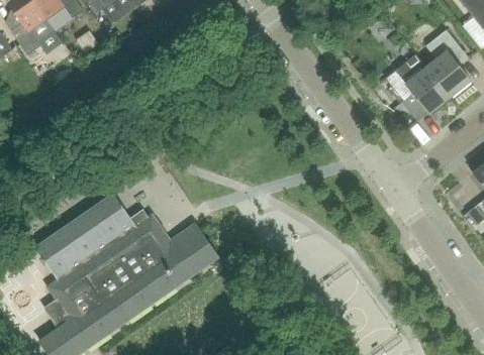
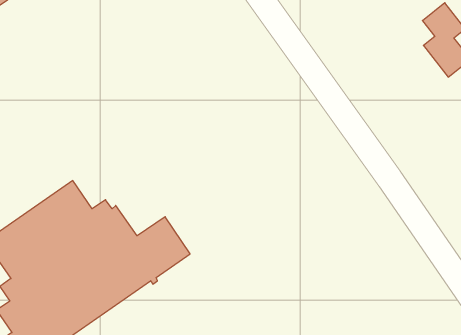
building: [385,57,450,116] -> none

